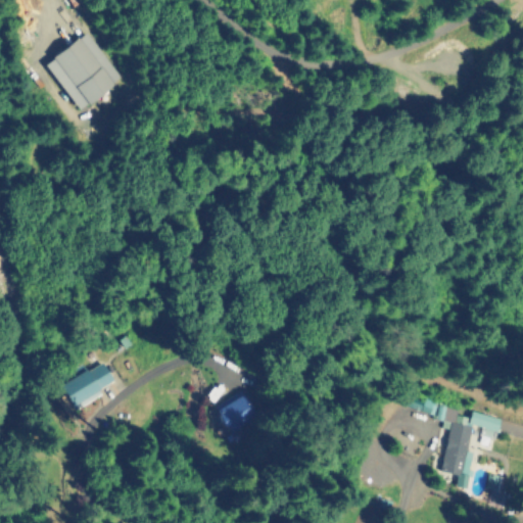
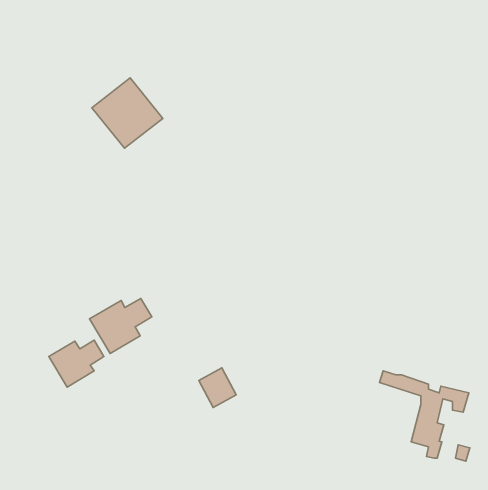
building: [46,34,122,108] -> [92,78,163,148]
building: none -> [90,299,152,354]

